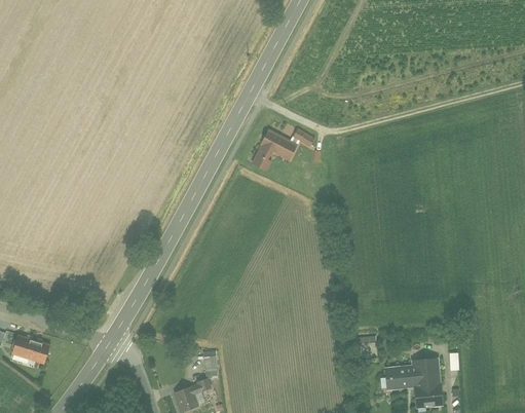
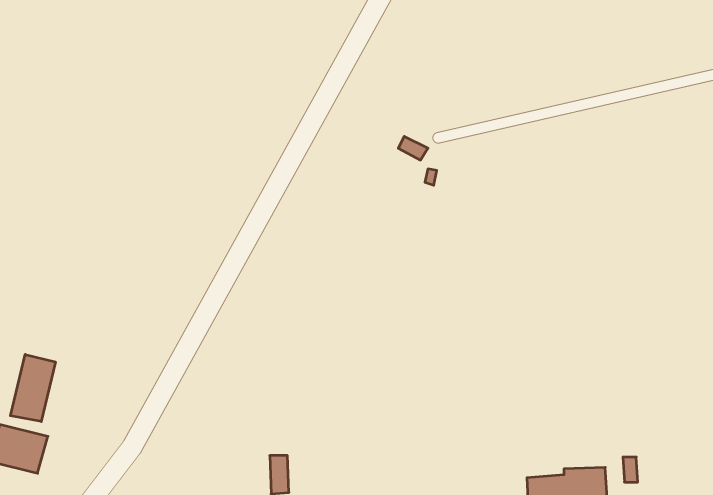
building: [253,130,297,171] -> none
building: none -> [10,354,55,422]

